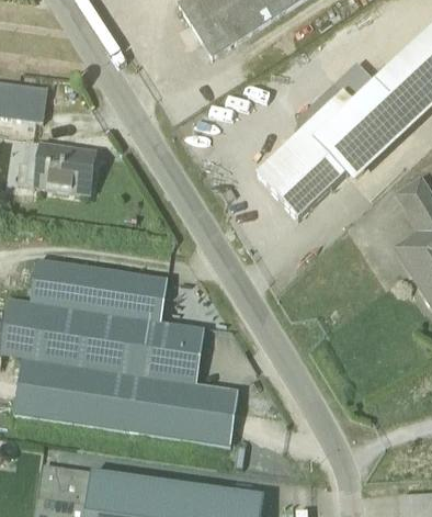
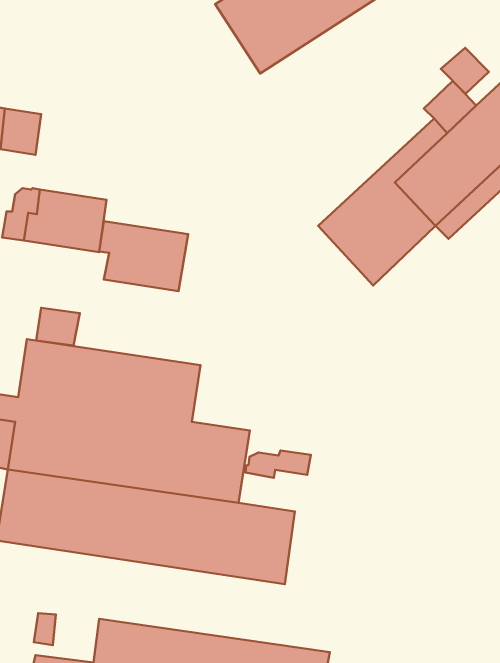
building: none -> [441,48,489,94]
building: none -> [99,221,188,291]
building: none -> [36,308,80,346]
building: none -> [246,450,311,478]

